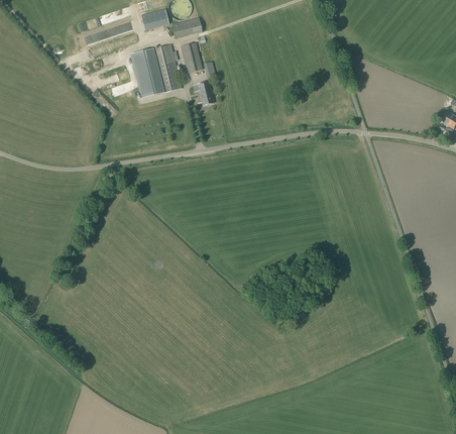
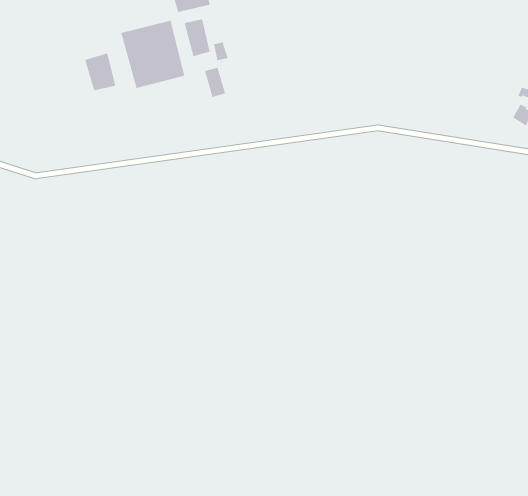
building: none -> [85,53,116,91]

